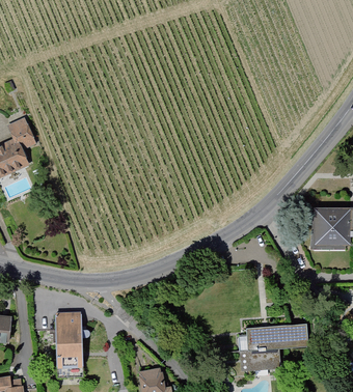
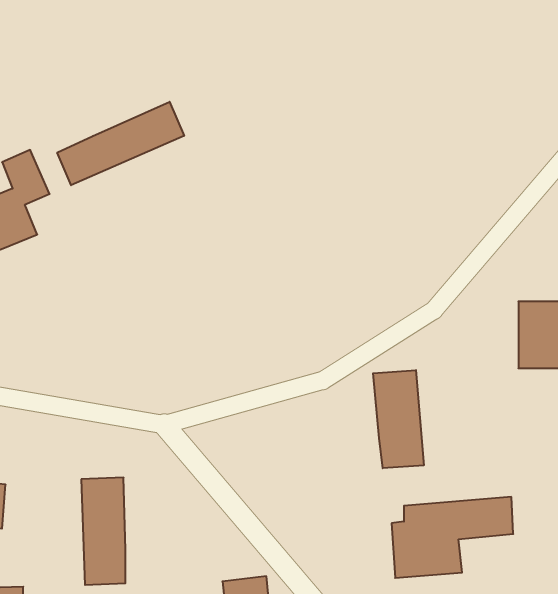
building: none -> [57,102,184,185]
building: none -> [373,370,424,468]

